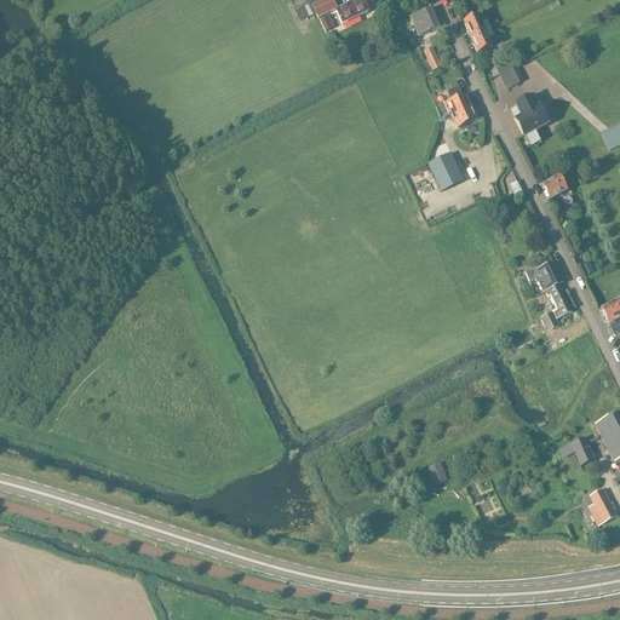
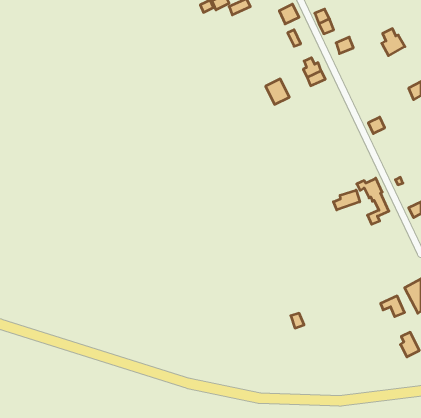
building: [515,93,549,133] -> [382,29,405,56]
building: [427,151,463,189] -> [266,79,289,104]
building: none -> [333,190,360,210]

